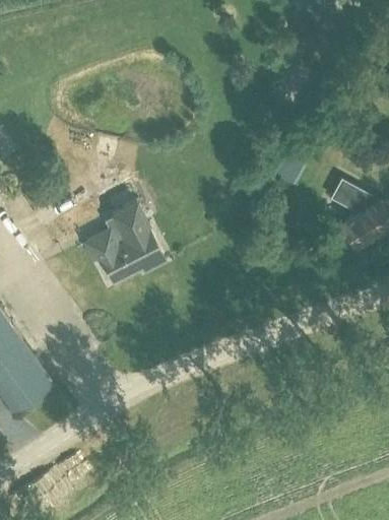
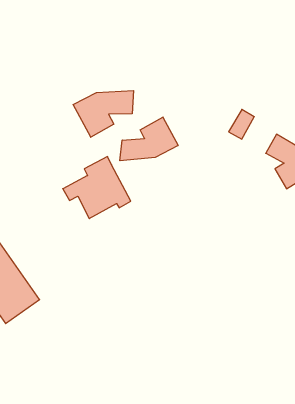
building: none -> [73,91,133,137]
building: none -> [120,117,178,161]

